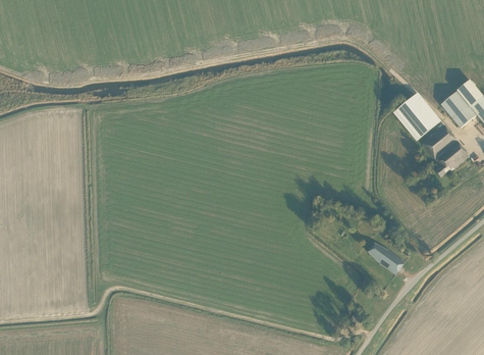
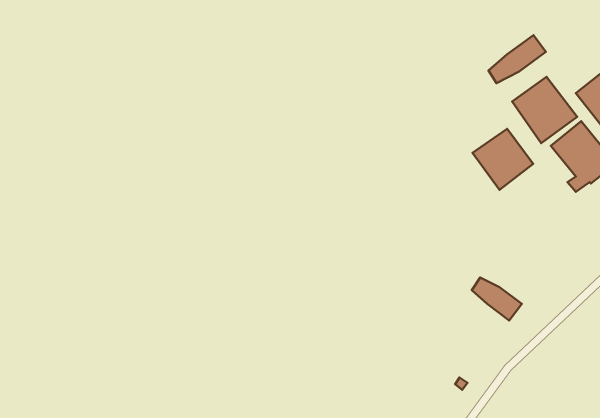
building: none -> [488,35,546,83]
building: none -> [473,129,533,190]

